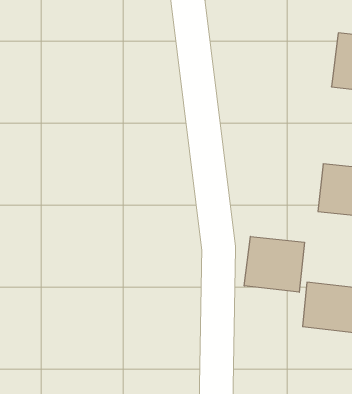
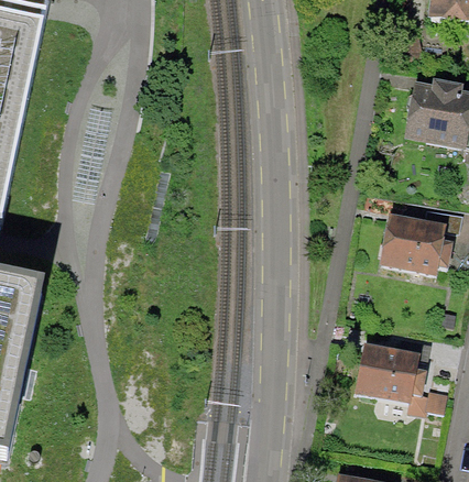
building: [244,236,304,292] -> none

